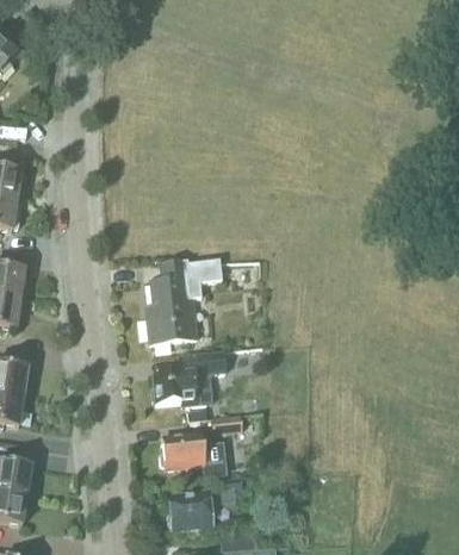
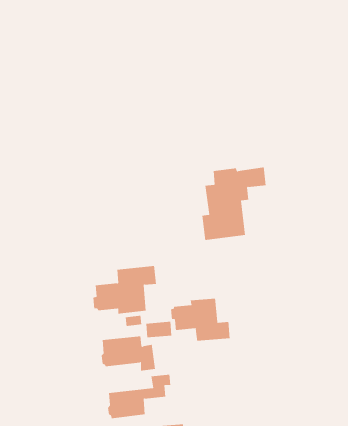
building: [145,258,221,343] -> [201,167,267,240]
building: none -> [171,298,230,342]

